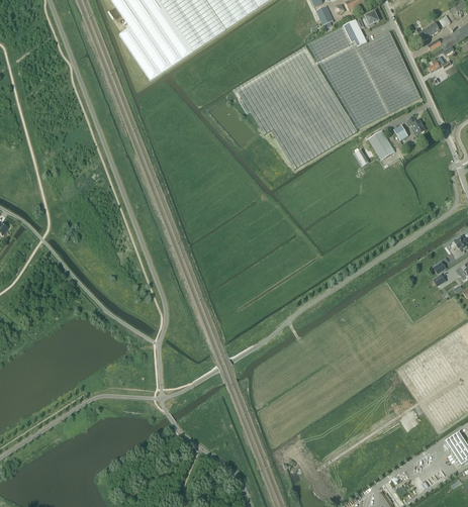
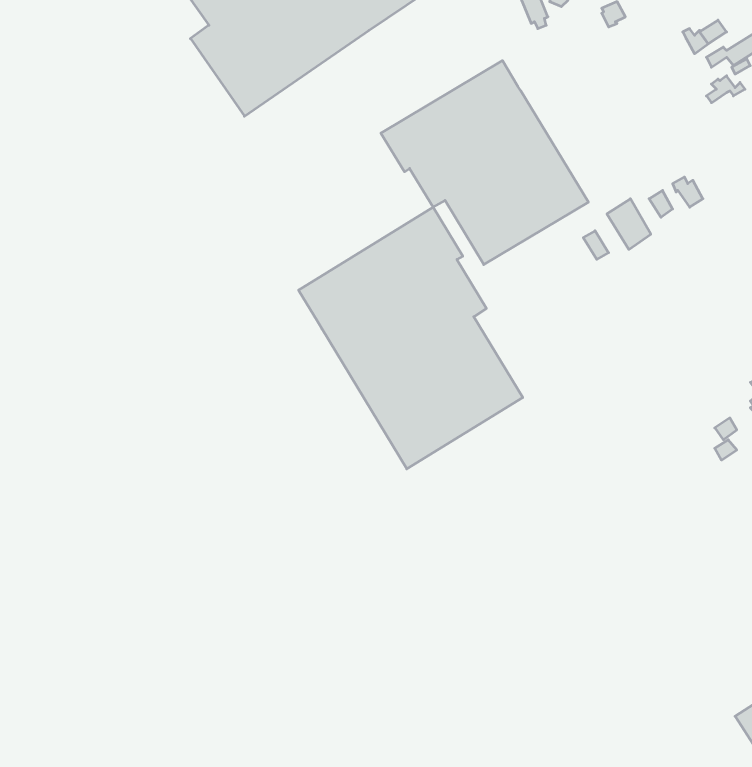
building: [307,17,420,127] -> none
building: none -> [299,207,523,469]

